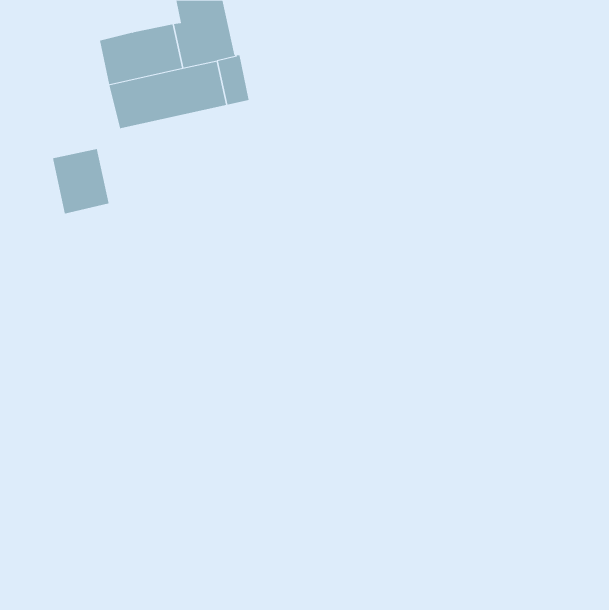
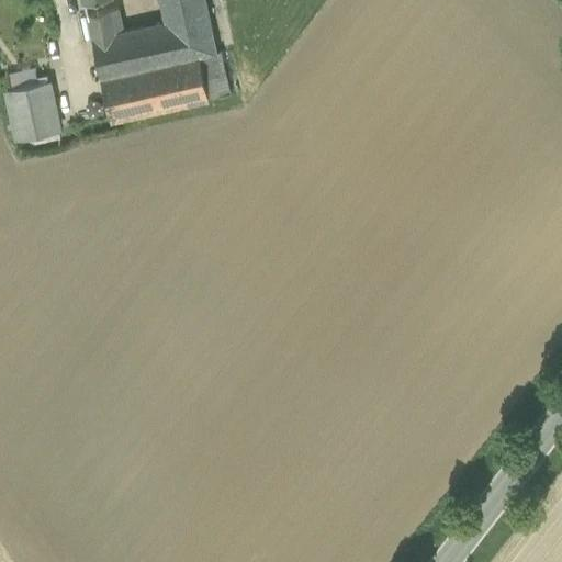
building: none -> [86,8,122,37]
building: [52,148,109,214] -> [4,80,57,140]

